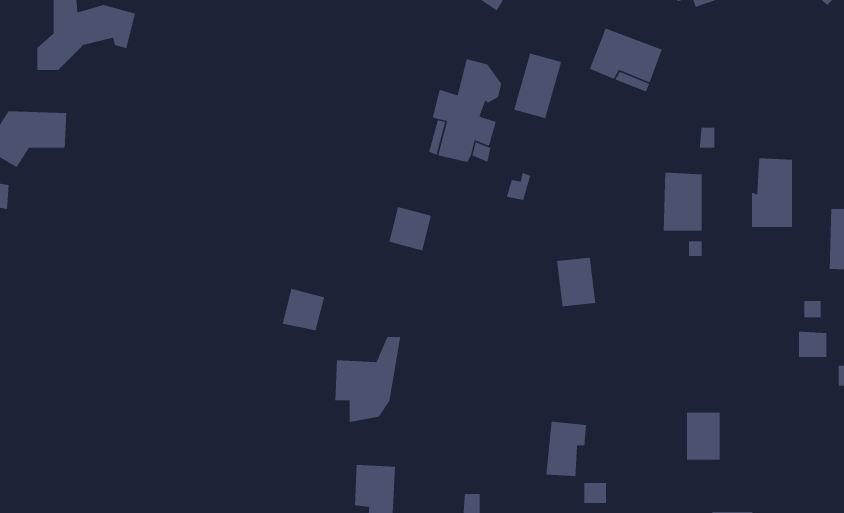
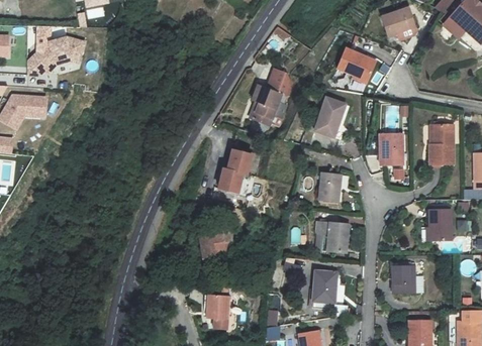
building: [513,52,562,119] -> [311,99,339,136]
building: [282,288,325,331] -> [216,168,240,193]
building: none -> [427,208,450,238]
building: none -> [316,223,351,253]

